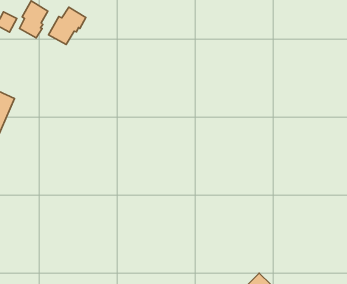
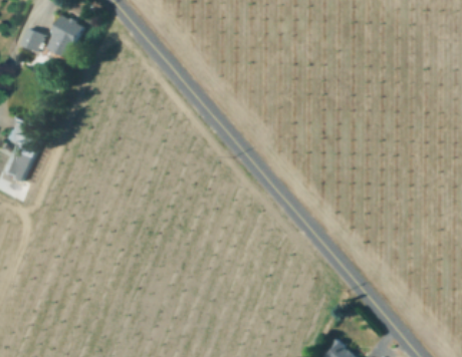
building: [48,7,86,45] -> none

